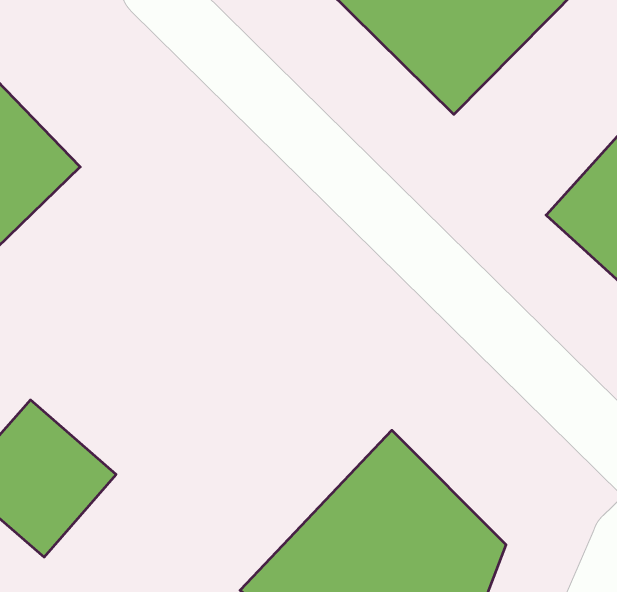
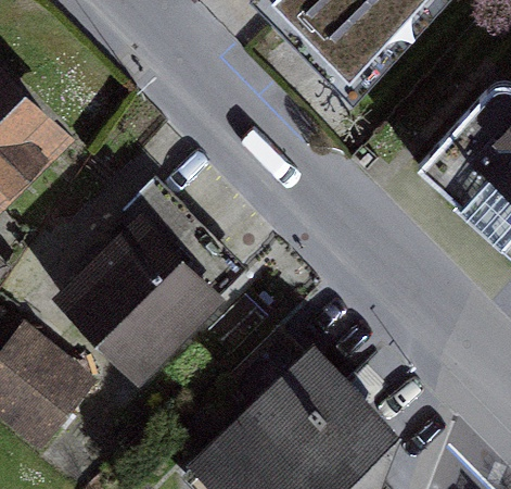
building: none -> [54,214,223,384]

